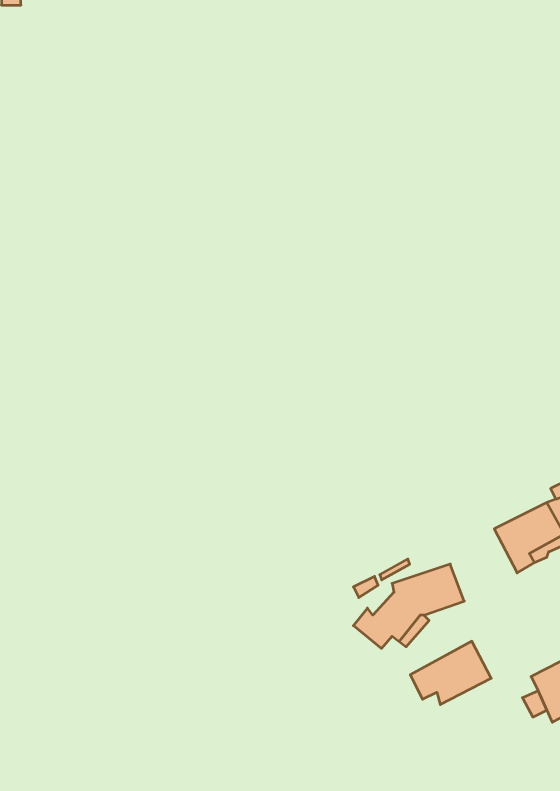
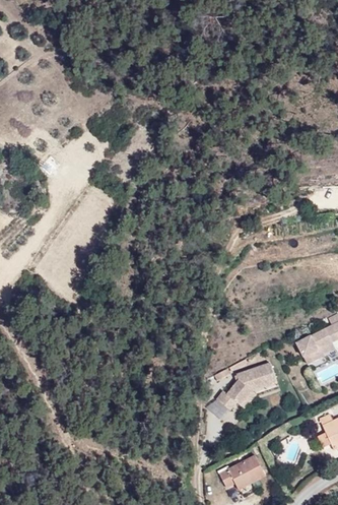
building: [410,641,491,705] -> [223,451,270,488]

